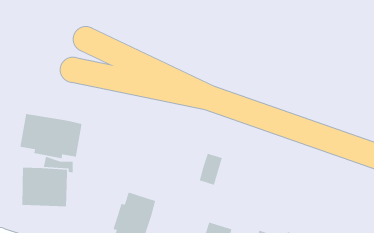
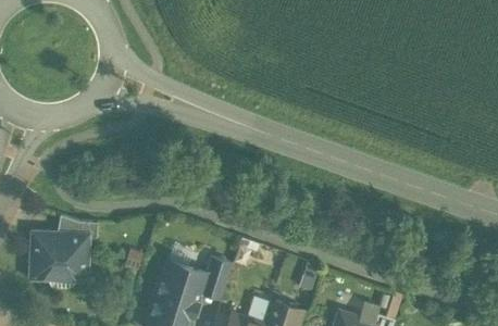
building: [20,113,83,159] -> none
building: [199,153,223,186] -> [200,256,232,300]

